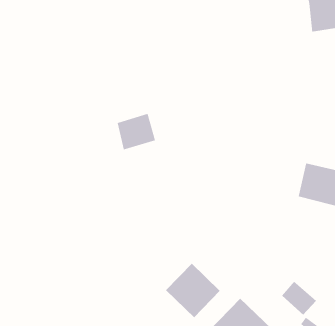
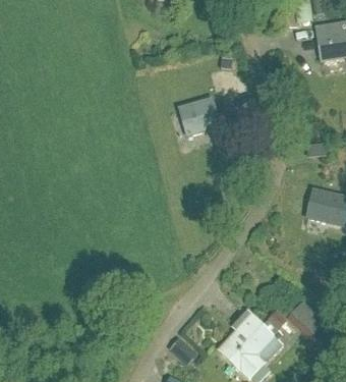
building: [117,113,156,150] -> [180,99,218,134]
building: [165,263,221,318] -> none

